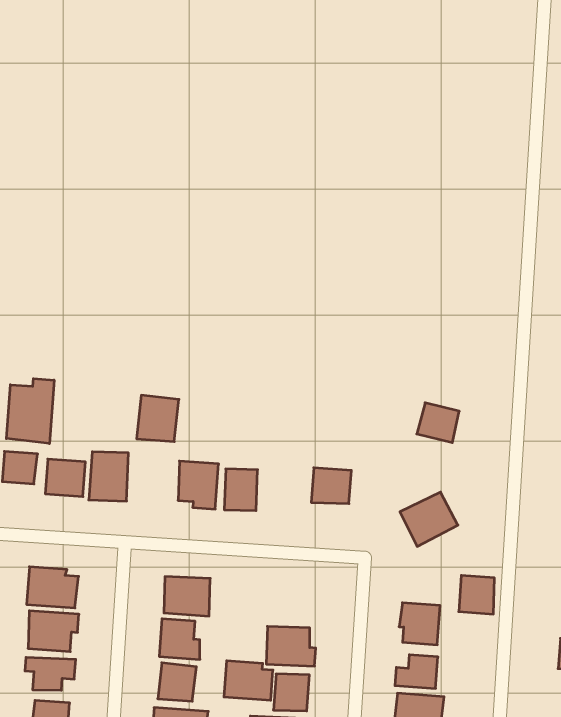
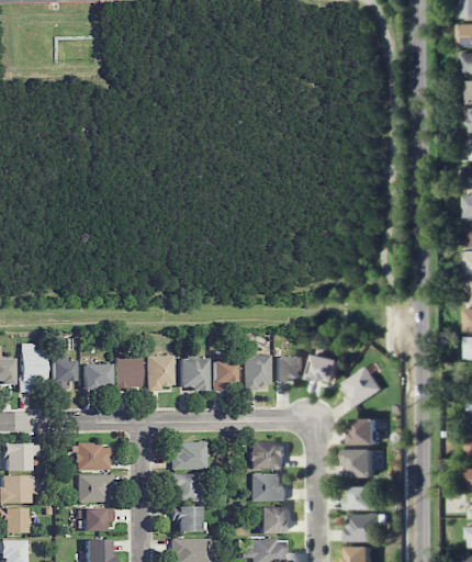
building: [6,379,54,444] -> none
building: [137,395,179,442] -> [146,355,175,386]
building: [417,403,459,443] -> [310,355,339,382]
building: none -> [243,353,271,390]
building: [459,575,494,614] -> [352,418,378,445]
building: [224,661,273,700] -> [250,441,284,468]

